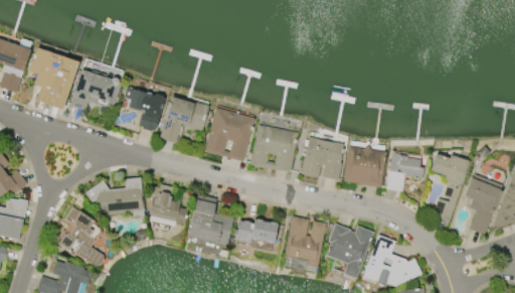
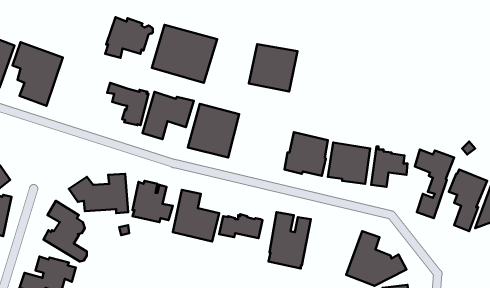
building: none -> [152,25,217,83]
building: [67,69,115,110] -> [105,17,153,58]
building: [249,125,298,172] -> [249,44,297,92]
building: [325,224,373,279] -> none

